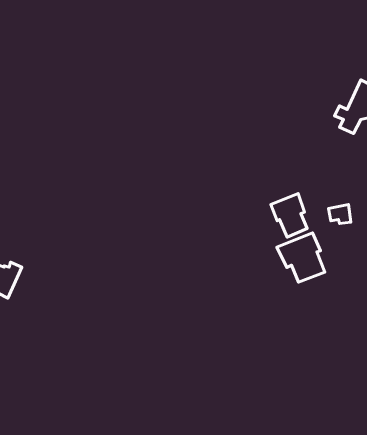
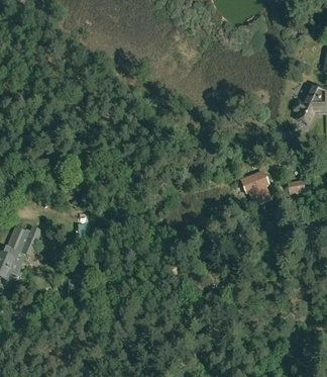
building: [277,233,325,282] -> none

